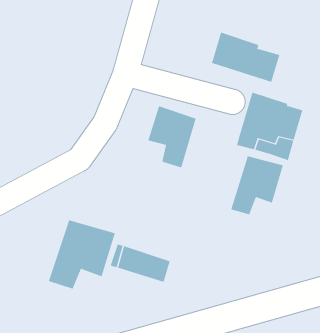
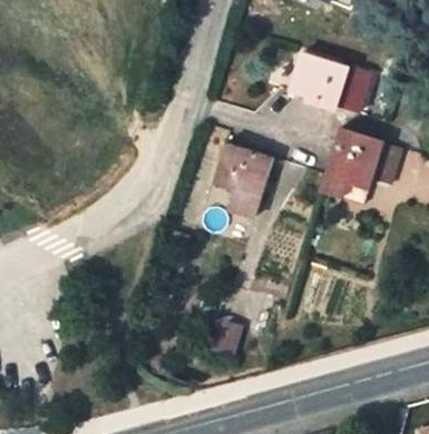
building: [231,155,284,215] -> none
building: [48,220,116,289] -> none

